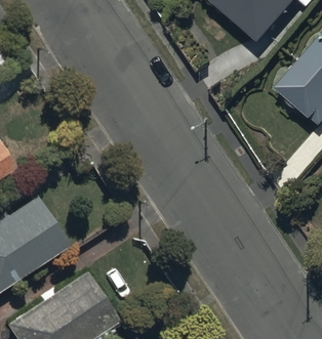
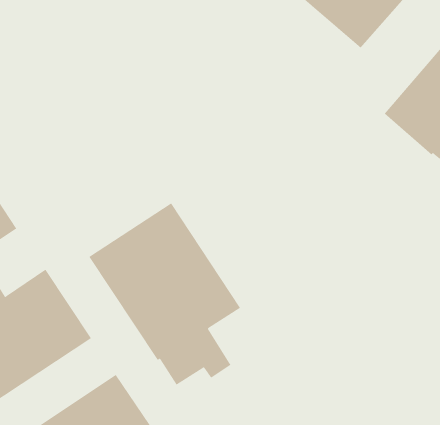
building: none -> [89,202,241,386]

